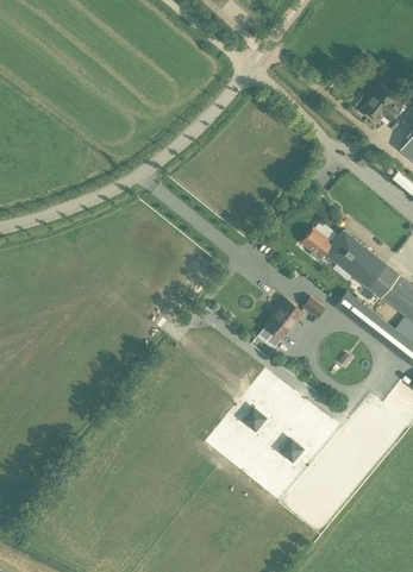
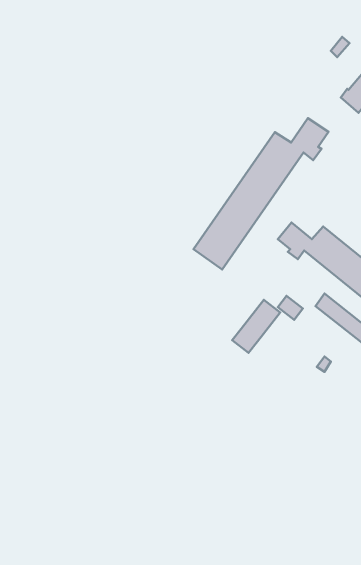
building: none -> [194,118,329,269]

